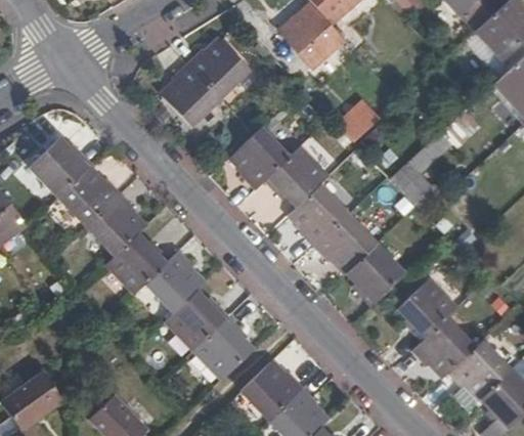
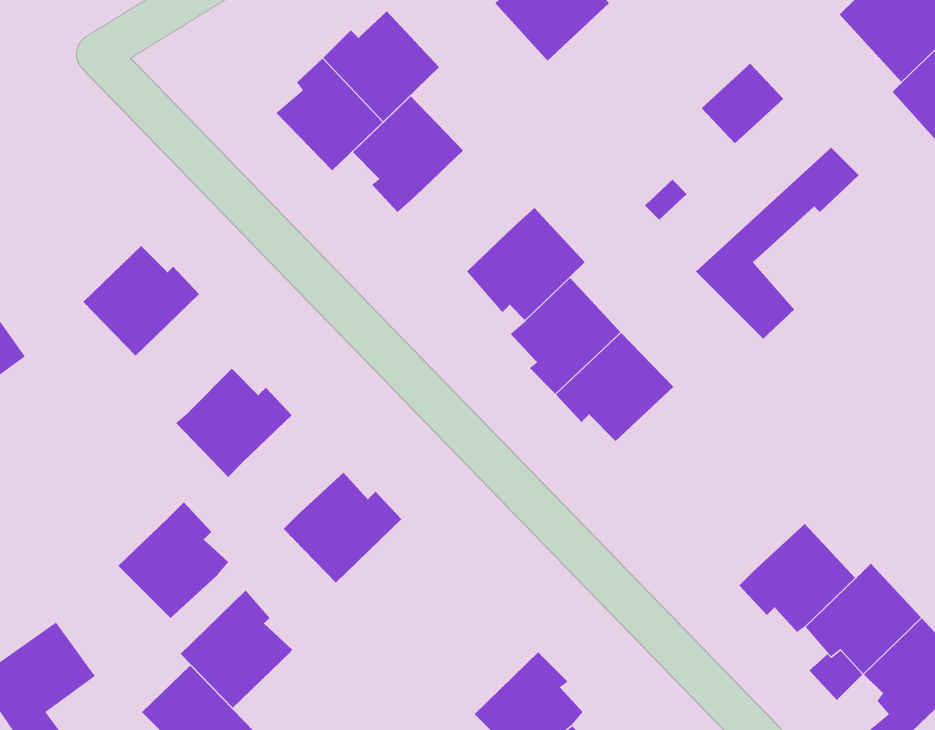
building: [335,100,380,144] -> [701,63,784,144]
building: [230,126,291,189] -> [352,95,464,213]
building: [30,137,93,197] -> none
building: [86,192,146,256] -> none
building: [346,243,406,306] -> none
building: [144,249,205,312] -> [118,502,229,619]
building: [398,279,456,341] -> none
building: [194,314,256,379] -> [180,589,293,709]
building: [241,359,304,420] -> none

